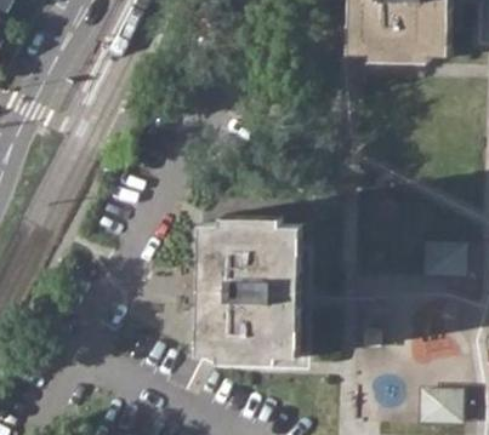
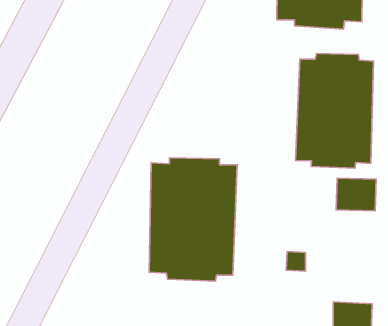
building: none -> [295,54,374,168]

